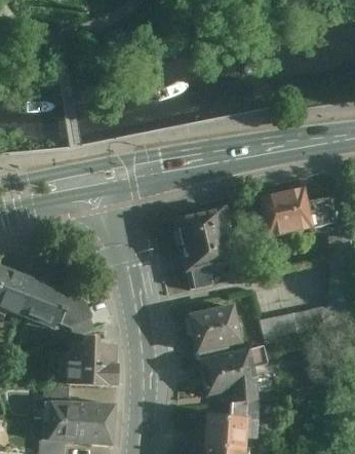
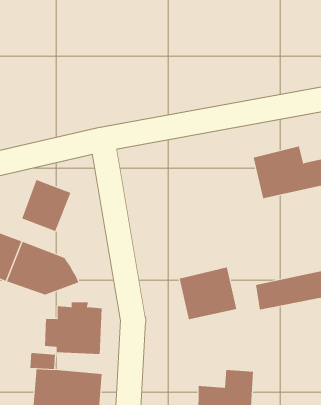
building: [171,203,239,289] -> none
building: none -> [22,179,71,232]
building: [197,347,259,404] -> none

